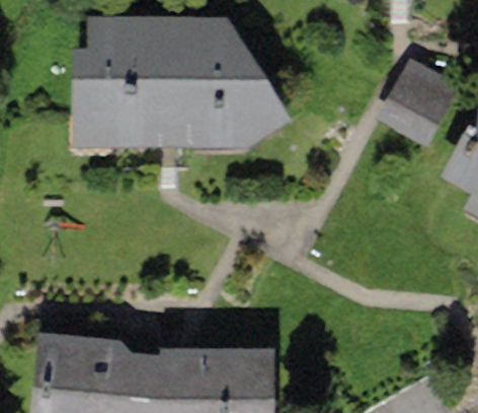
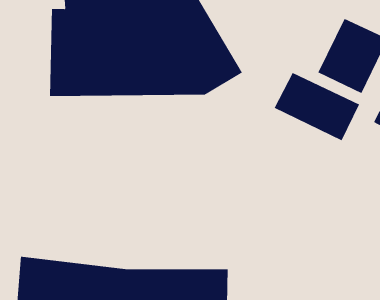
building: none -> [274,72,360,141]

